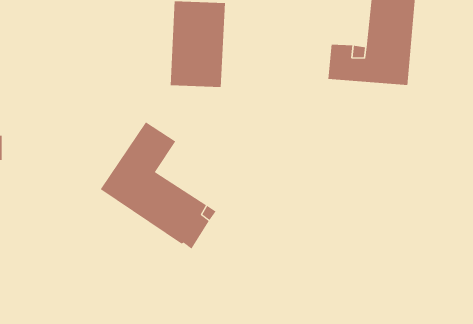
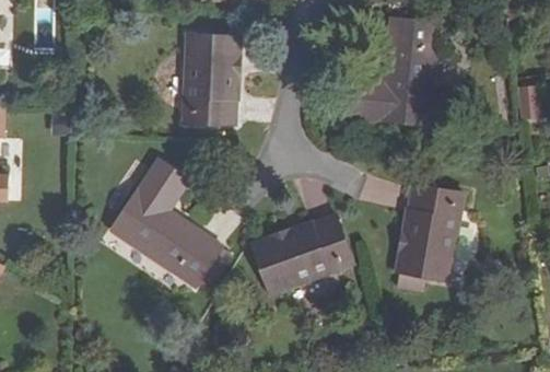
building: none -> [394,186,460,290]
building: none -> [251,214,351,295]

